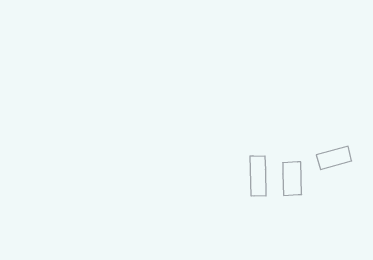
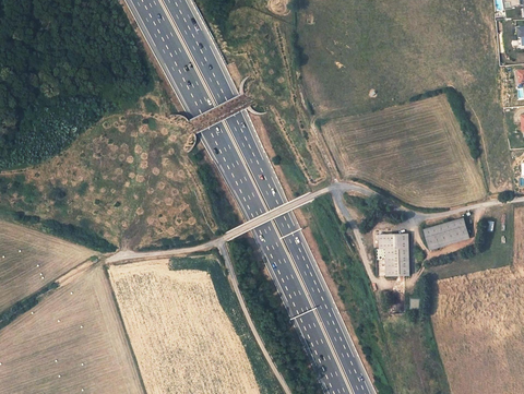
building: [250,156,266,196] -> none

